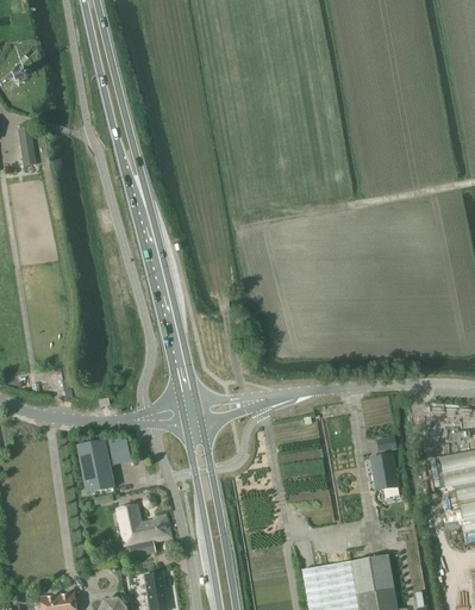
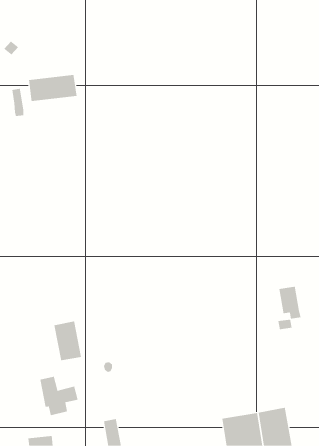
building: none -> [29,74,77,102]
building: [369,453,400,497] -> [278,286,302,319]
building: [118,503,170,556] -> [39,376,78,416]

